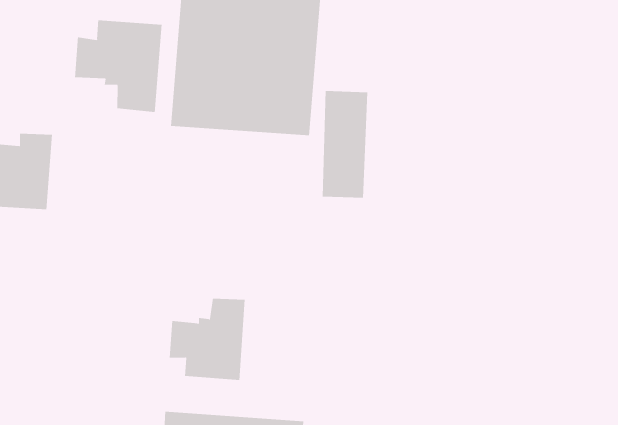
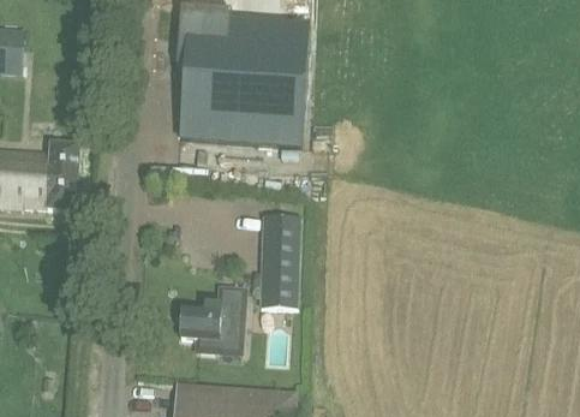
building: [74,20,162,113] -> none
building: [322,91,368,198] -> [261,215,300,308]

